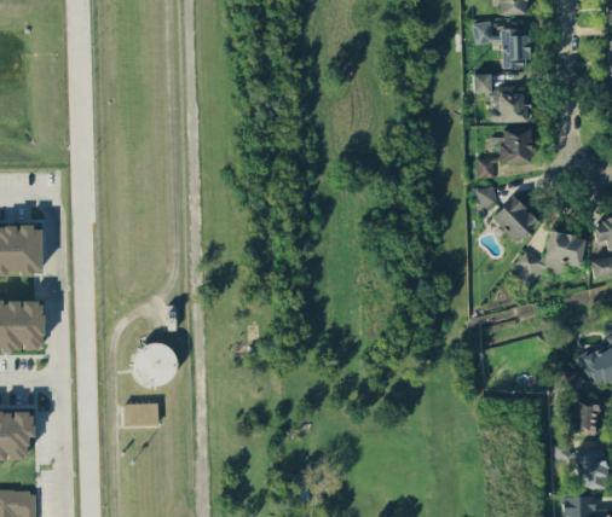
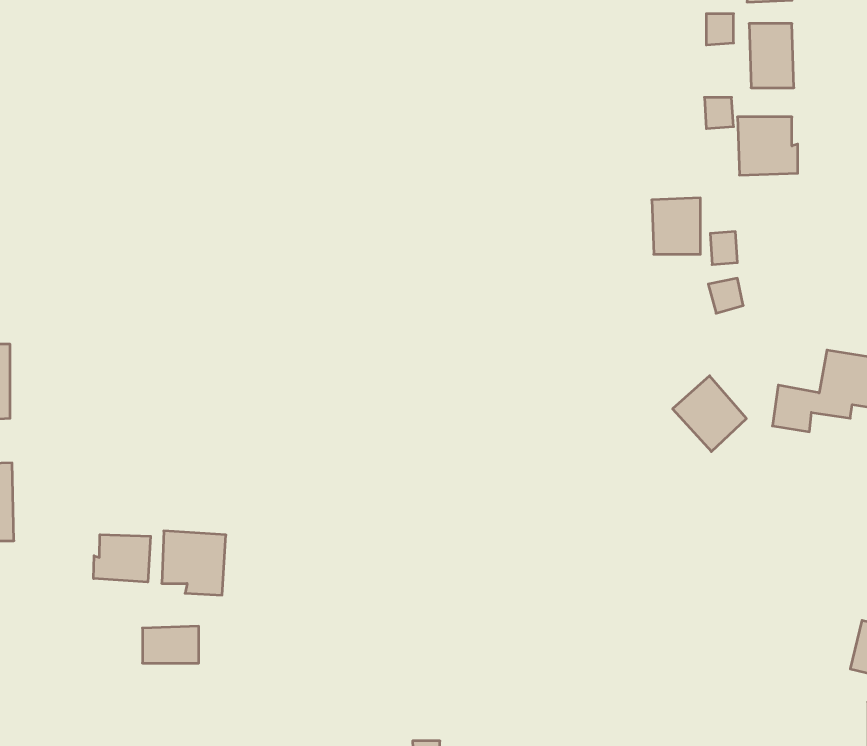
building: [501,128,531,163] -> [652,198,700,254]
building: [492,196,538,243] -> [673,376,746,452]
building: none -> [94,535,151,582]

